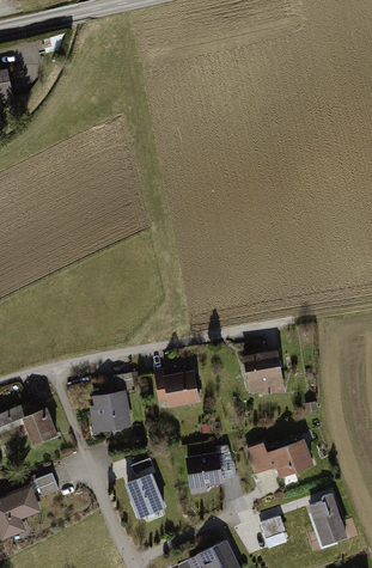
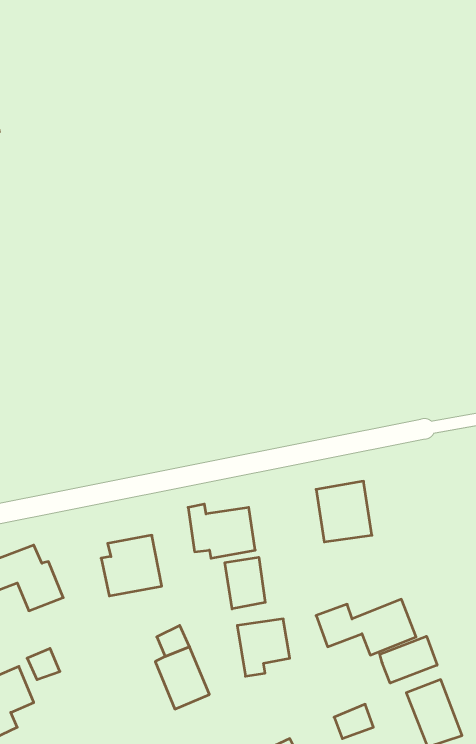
building: none -> [225,557,265,609]
building: none -> [380,636,437,683]

